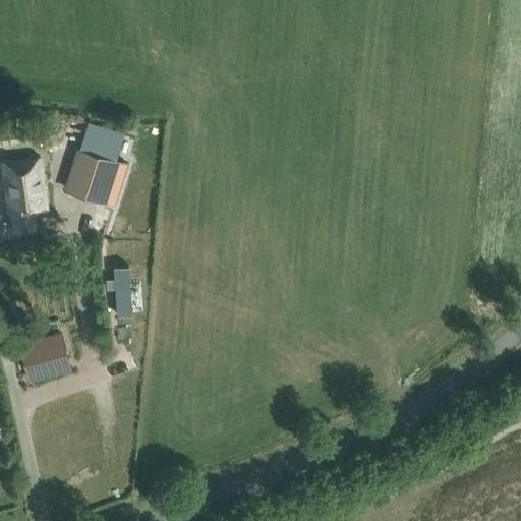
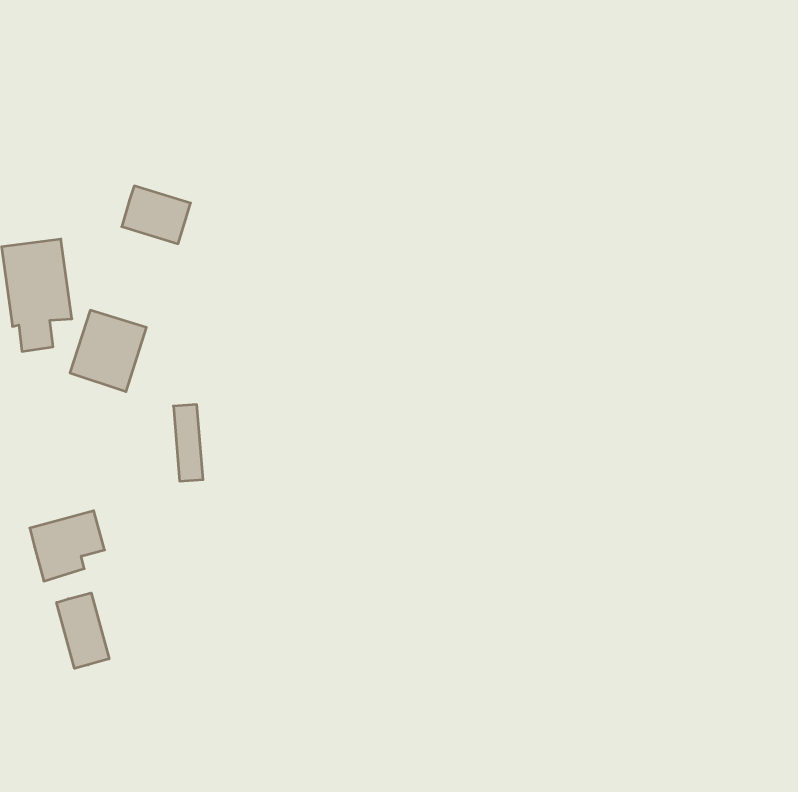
building: [66,152,116,205] -> [70,310,146,392]
building: none -> [57,593,109,668]

